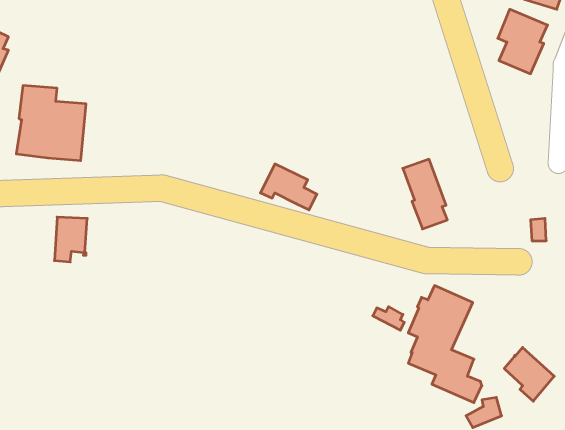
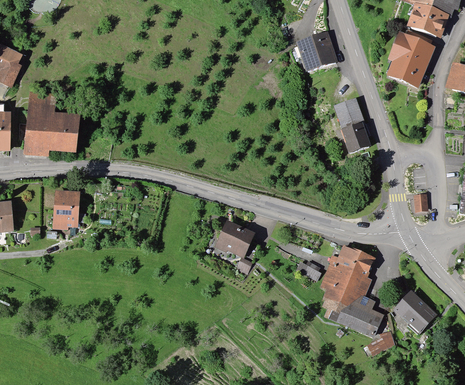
building: none -> [298,33,336,71]
building: [403,159,447,229] -> [335,100,369,153]
building: [260,164,317,210] -> [216,224,259,259]

